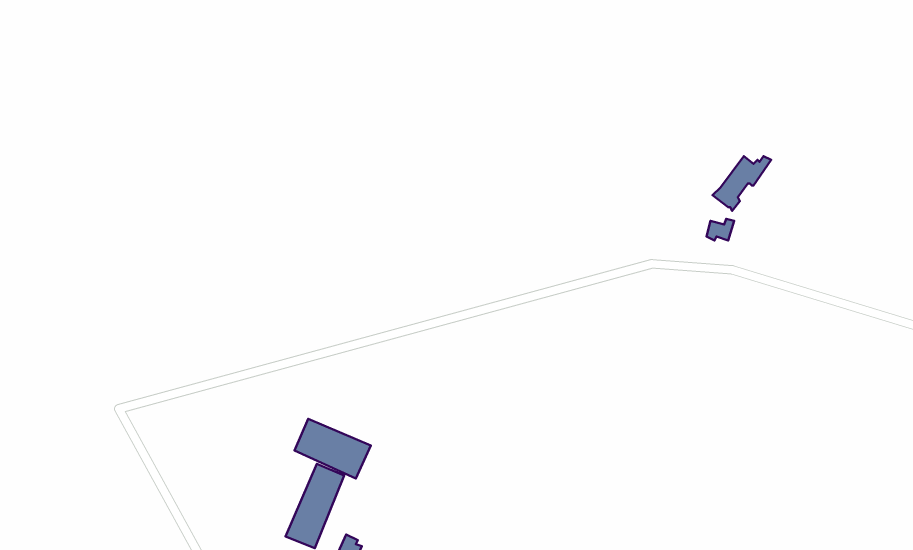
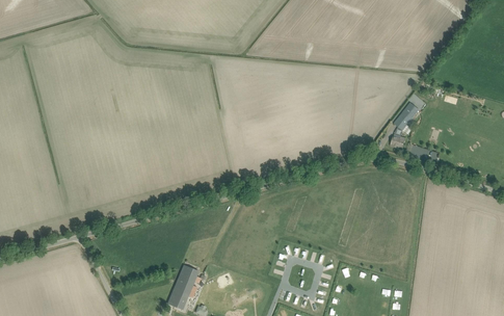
building: [295,419,371,479] -> none

